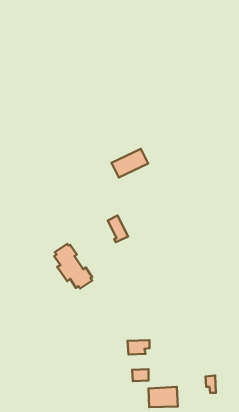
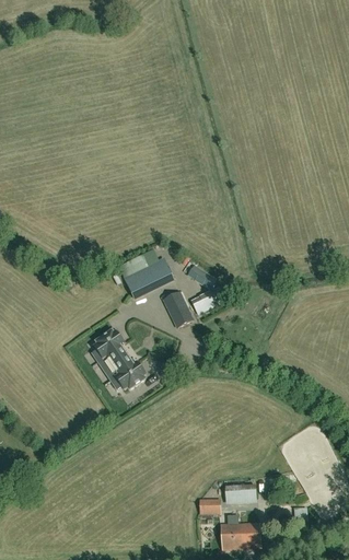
building: [112,149,148,177] -> [123,258,172,296]
building: [128,340,150,355] -> [229,485,258,504]

